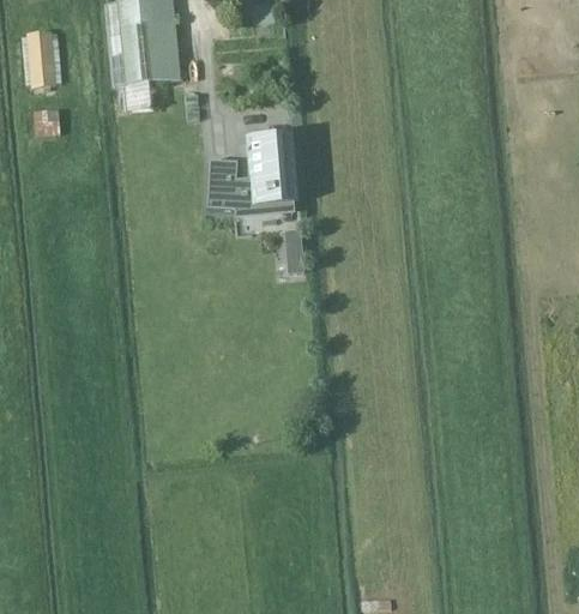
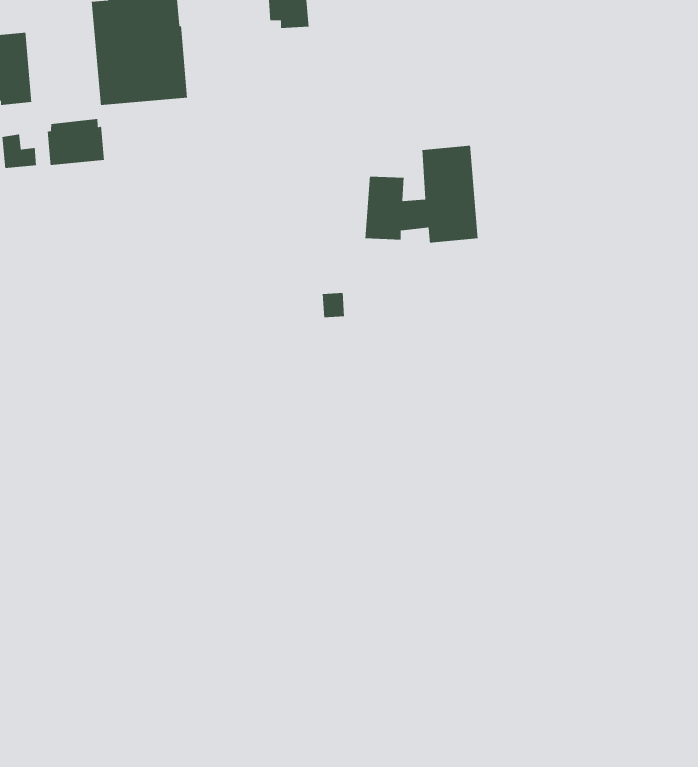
building: none -> [47,118,105,166]
building: [207,137,296,213] -> [365,145,479,244]

